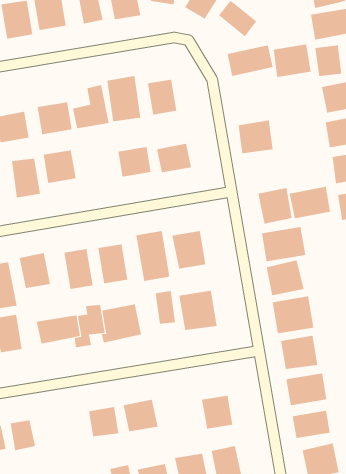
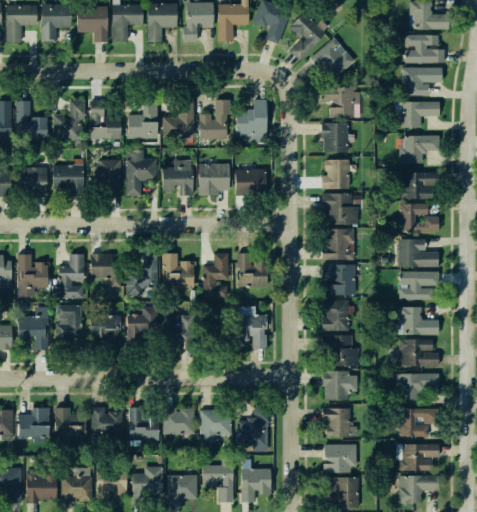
building: [273,44,312,78] -> [315,124,349,151]
building: none -> [163,165,194,191]
building: [289,186,331,219] -> [320,197,357,223]
building: none -> [199,405,229,440]
building: none -> [96,406,119,437]

